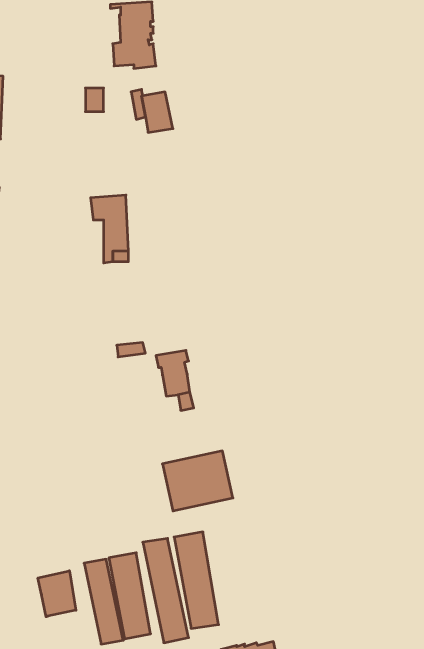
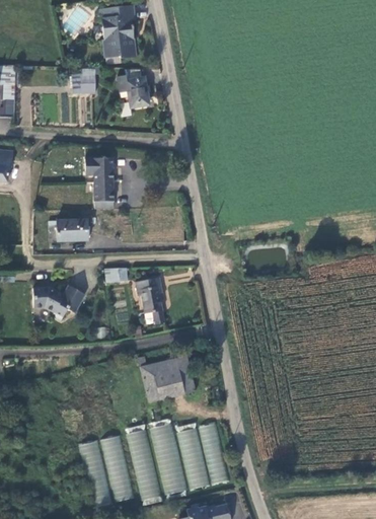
building: none -> [55,218,88,242]
building: none -> [31,286,84,320]
building: none -> [175,422,226,489]
building: [38,571,76,617] -> none

